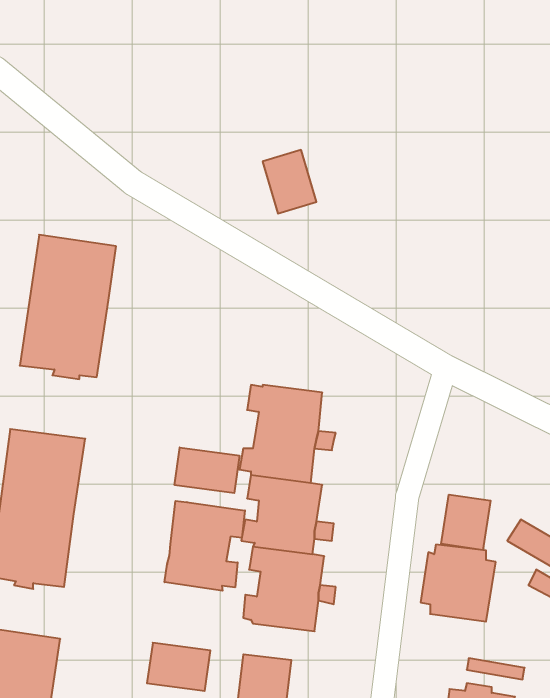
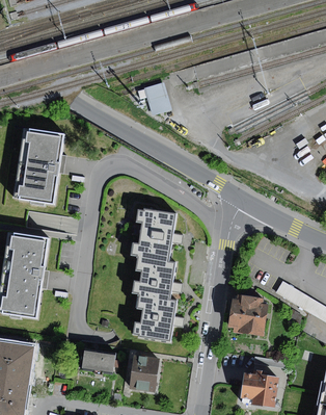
building: [175,447,239,493] -> none
building: [441,495,491,550] -> none
building: [165,501,245,591] -> none

